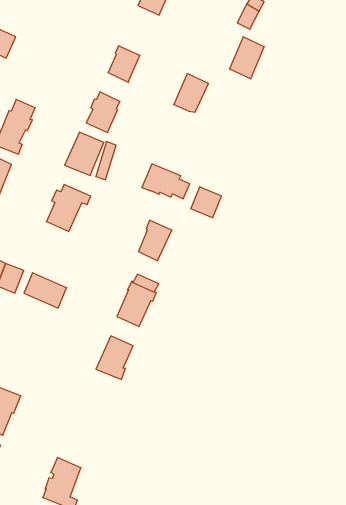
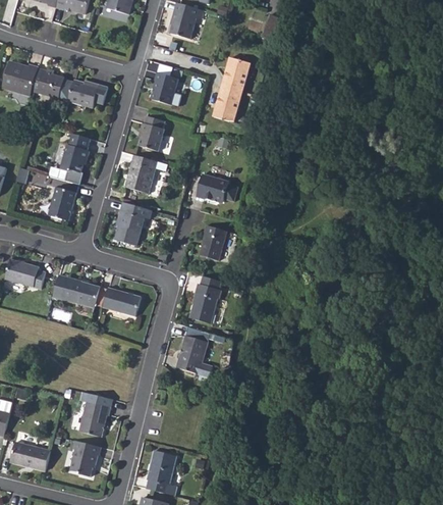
building: [229,37,264,79] -> [222,57,251,94]
building: none -> [67,79,107,107]
building: [191,187,222,218] -> none

